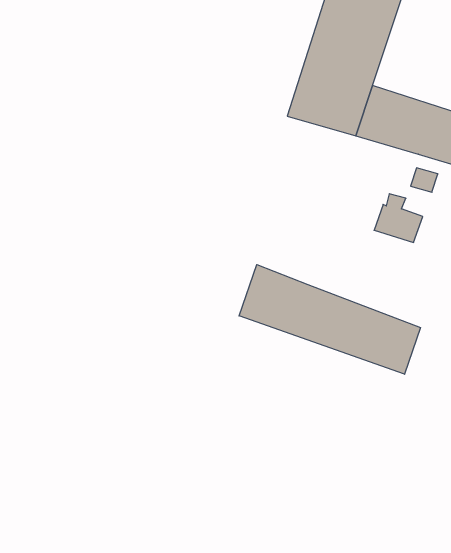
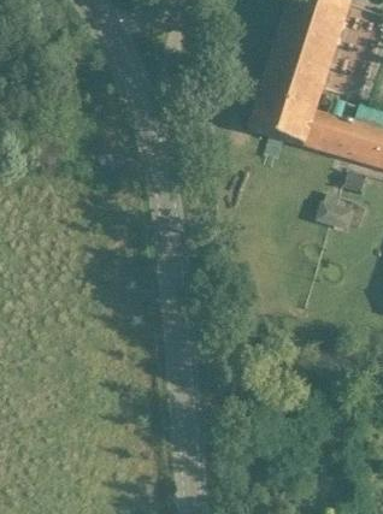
building: [239,265,421,374] -> none

